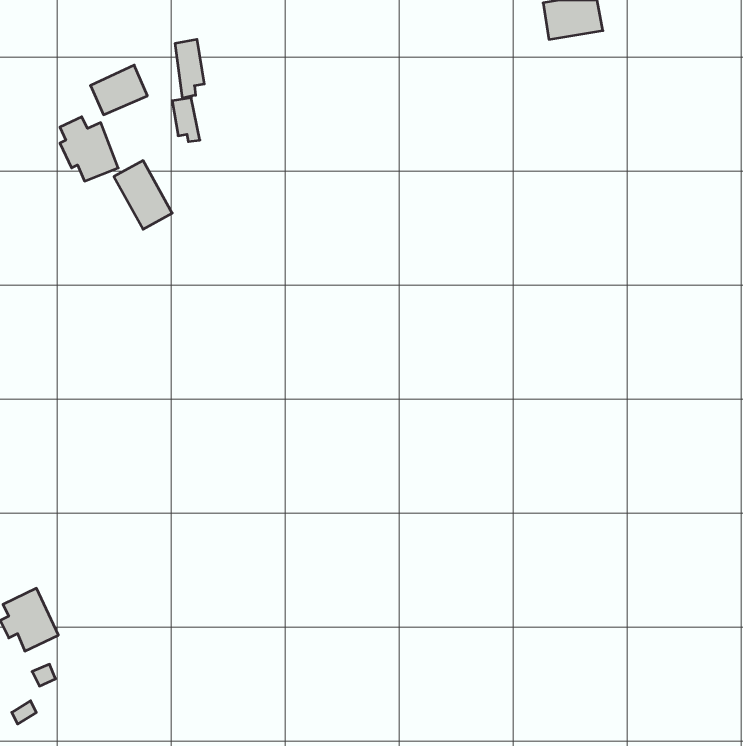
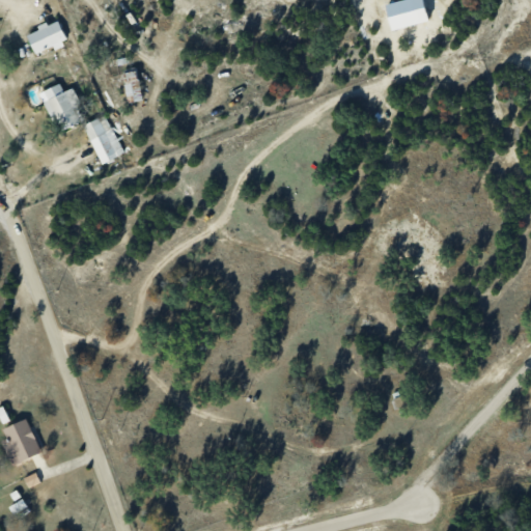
building: [175,39,204,98] -> none
building: [90,65,147,115] -> [26,19,66,54]

